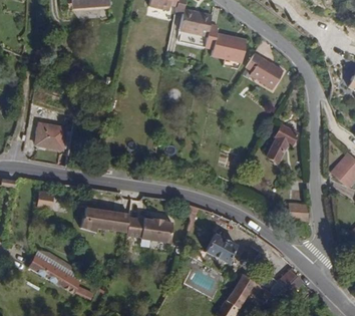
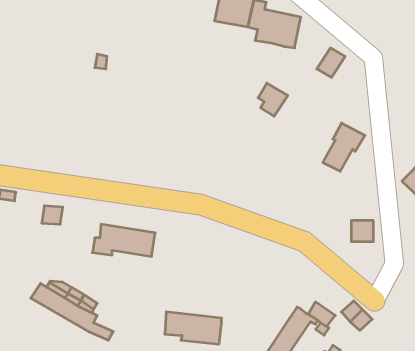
building: [247,52,271,79] -> [258,83,288,116]
building: [34,120,70,151] -> none
building: [127,216,173,242] -> [165,312,222,344]
building: [206,233,240,263] -> none

